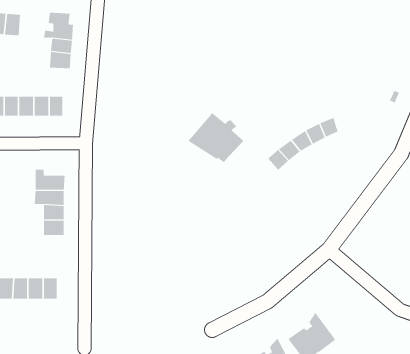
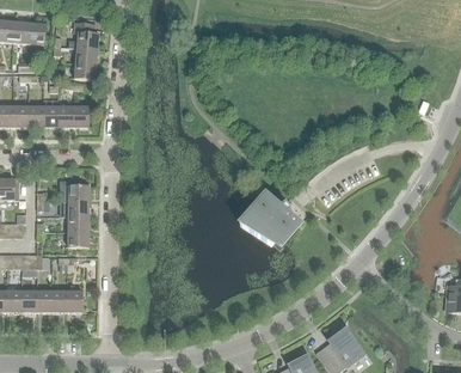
building: [187,112,244,163] -> [241,196,299,247]

